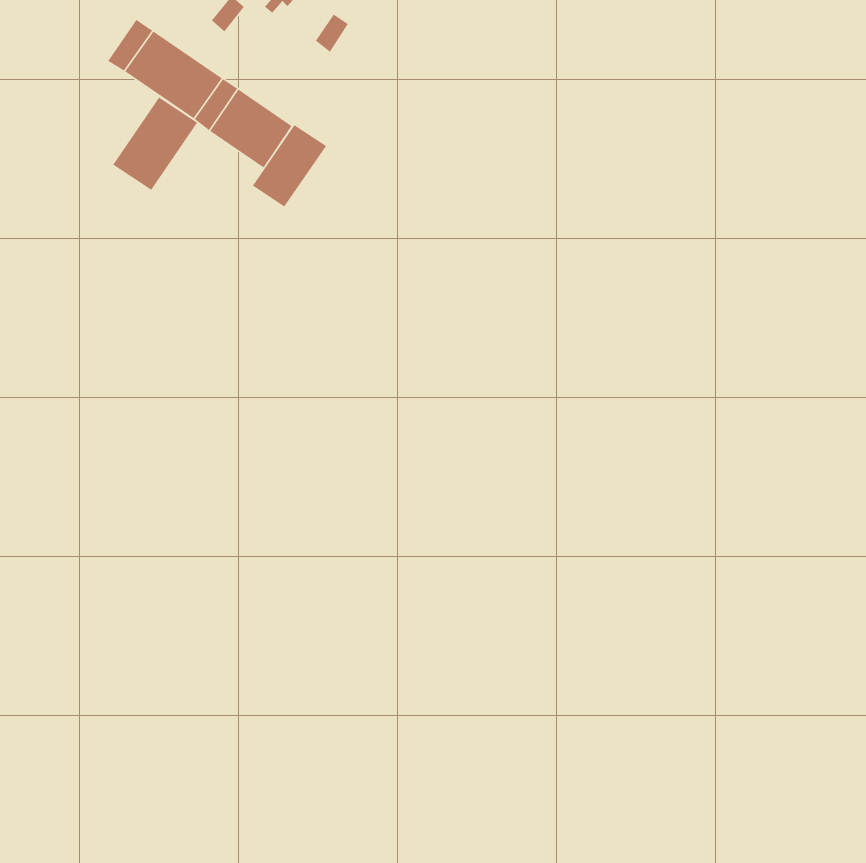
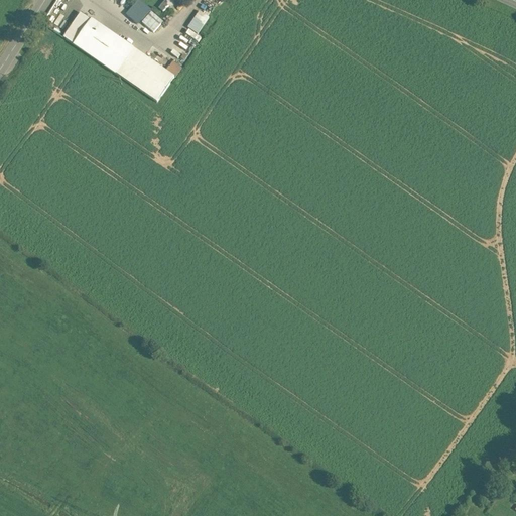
building: [112,97,198,191] -> none
building: [252,124,327,208] -> none

